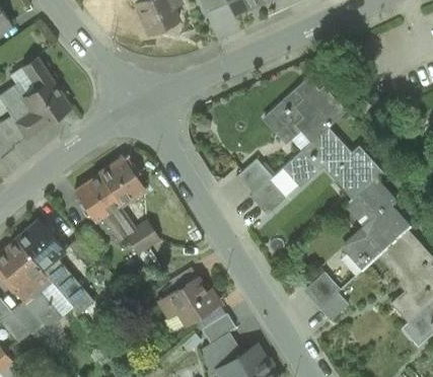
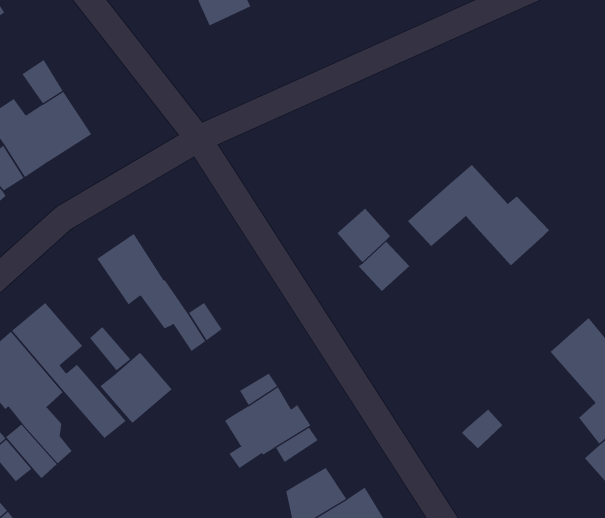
building: [265,79,345,141] -> none
building: [99,158,145,206] -> none
building: [348,176,411,266] -> none
building: none -> [99,352,173,424]
building: [308,273,341,306] -> none
building: [201,313,236,344] -> none

